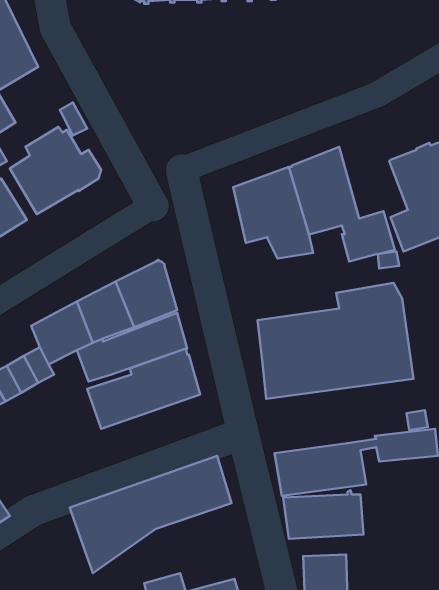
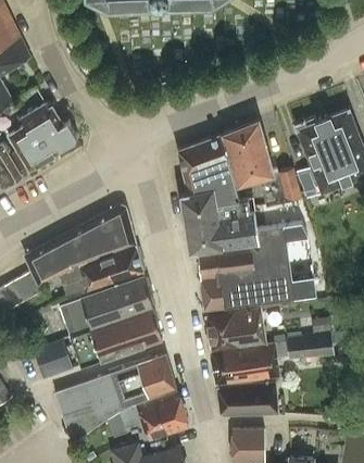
building: none -> [187,189,259,251]
building: none -> [71,309,162,367]
building: none -> [205,309,265,351]
building: none -> [37,349,73,379]
building: none -> [121,390,188,440]

